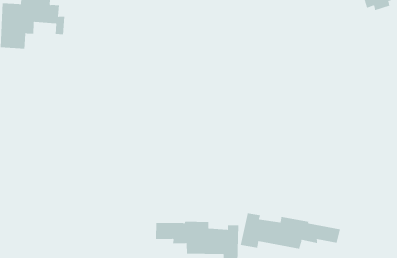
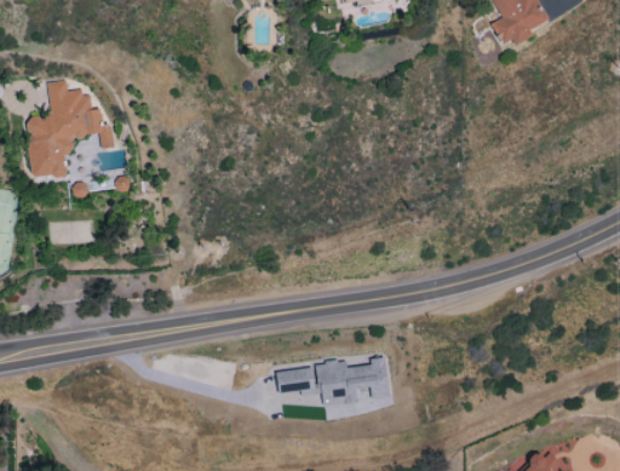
building: [240,212,340,249] -> none

